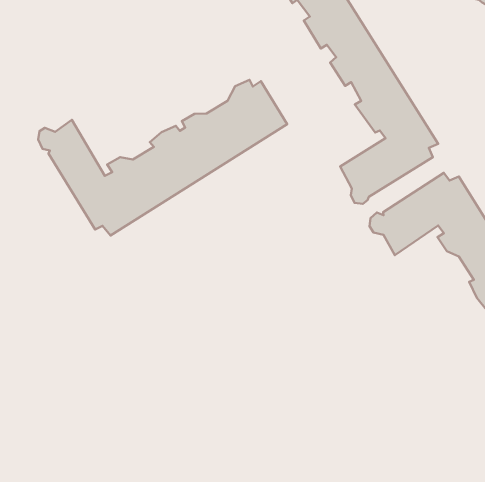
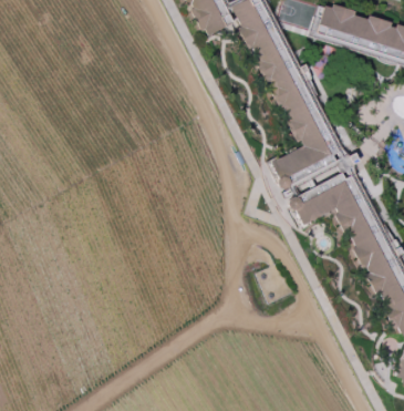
building: [38,80,287,236] -> none

